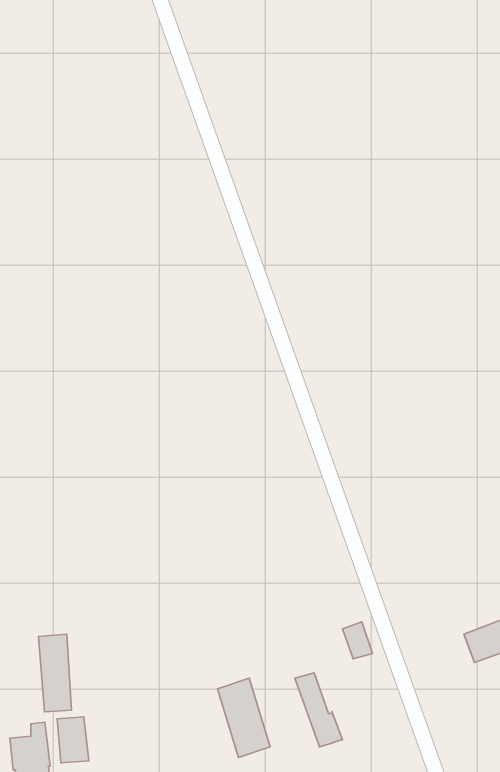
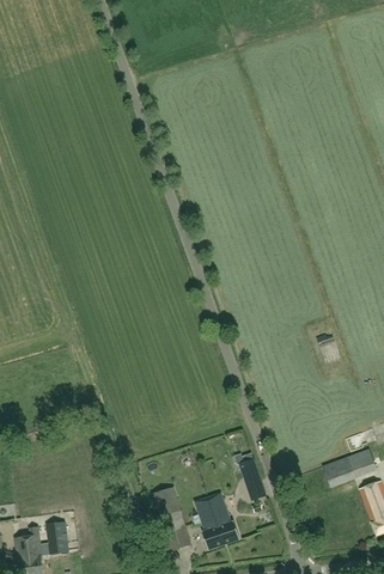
building: [39,634,71,712] -> none
building: none -> [195,496,224,549]

